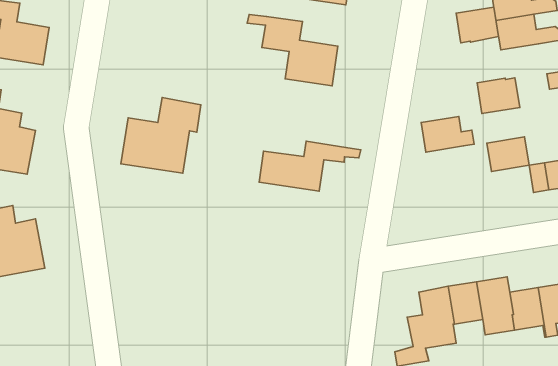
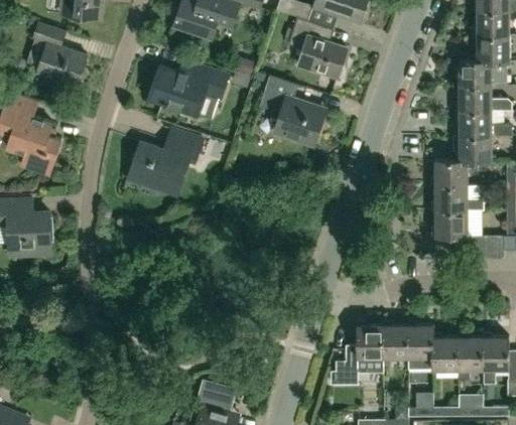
building: [456,7,499,43] -> [460,136,492,162]
building: none -> [149,66,229,116]
building: [421,116,474,152] -> [435,186,477,211]
building: [259,141,361,191] -> none

